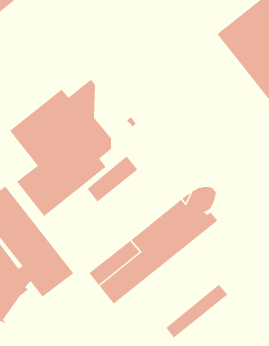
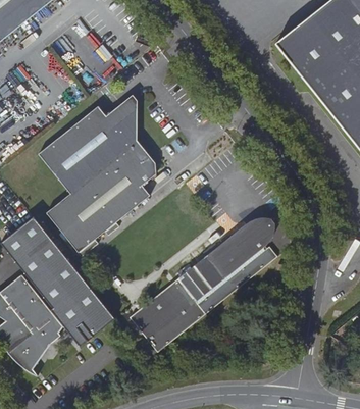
building: [87,156,138,203] -> none
building: [165,284,228,339] -> none

